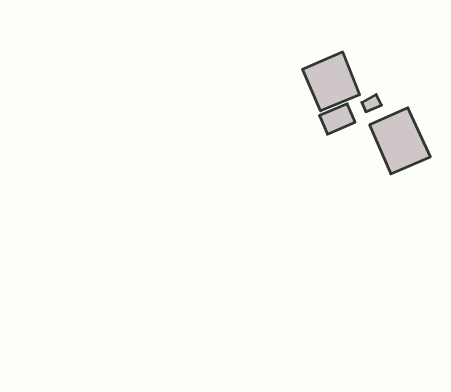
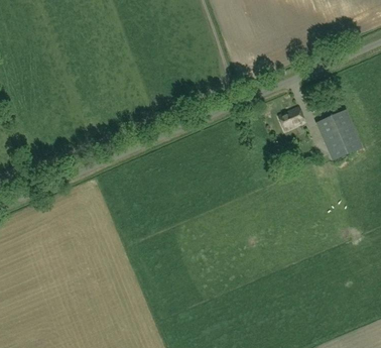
building: [303,52,360,111] -> none

